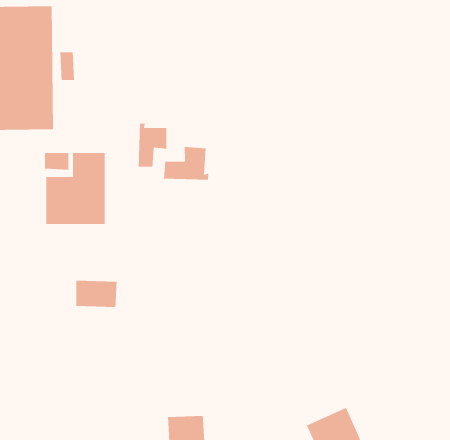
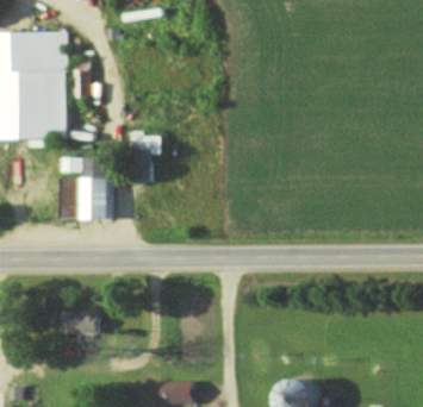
building: [163,146,209,180] -> none
building: [75,280,117,308] -> [62,311,98,334]

